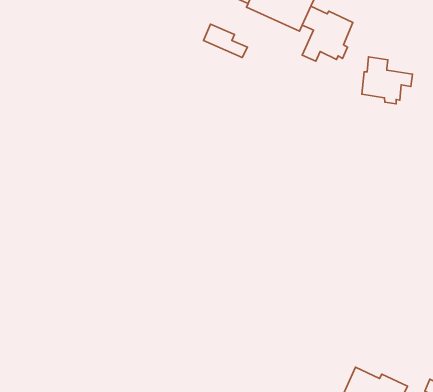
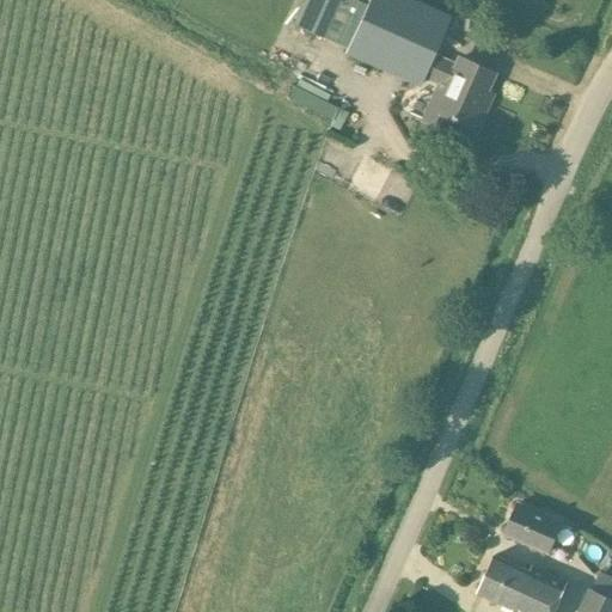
building: [362,57,412,104] -> none
building: none -> [508,504,564,553]

